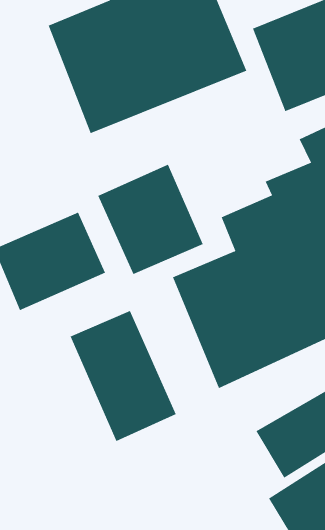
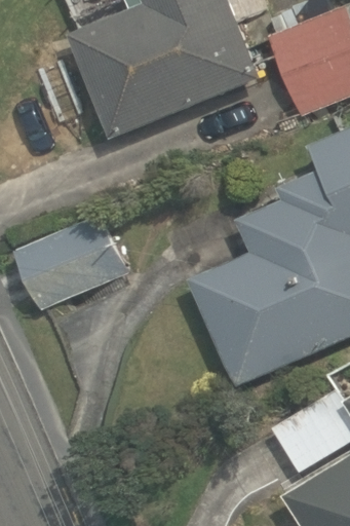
building: [98,164,204,275] -> none
building: [70,310,176,442] -> none

